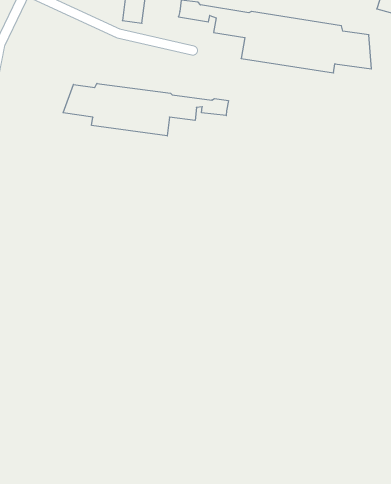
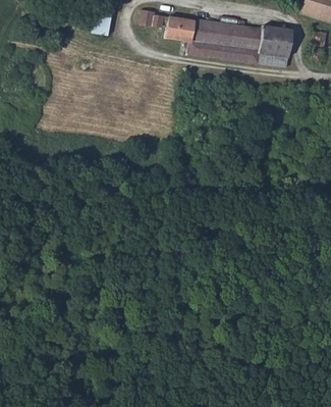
building: [63,83,228,136] -> none

